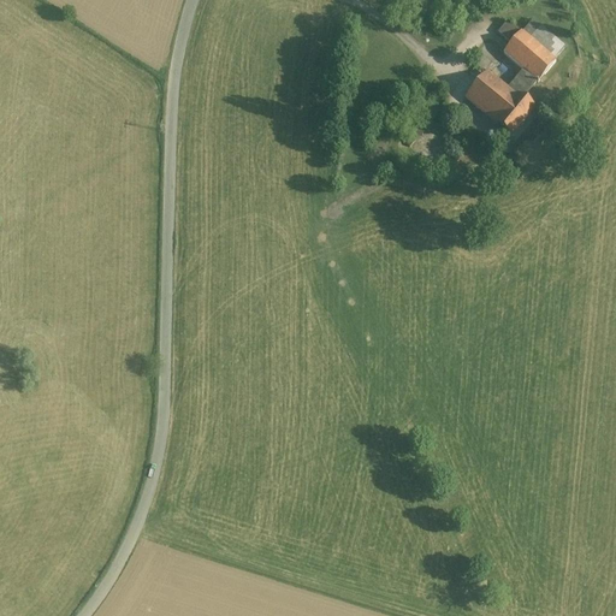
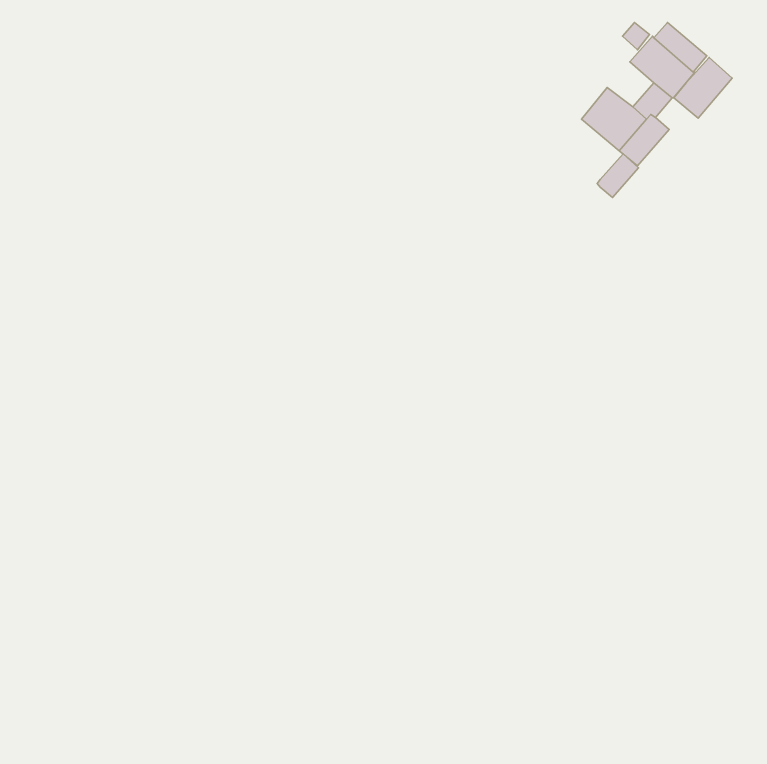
building: none -> [674,58,732,118]
building: none -> [597,154,638,198]

